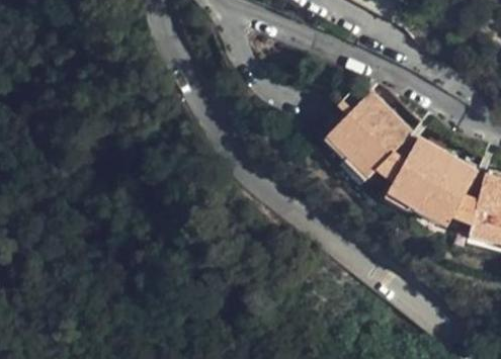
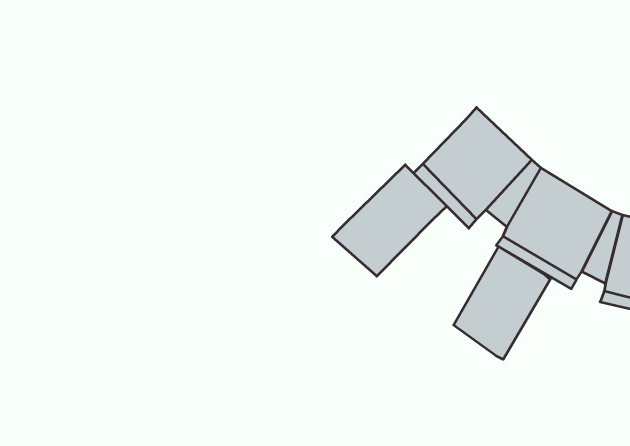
building: none -> [332,165,447,276]
building: none -> [454,247,550,359]

